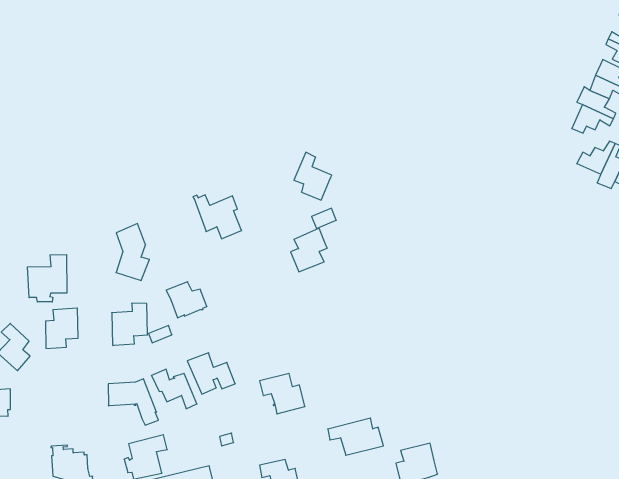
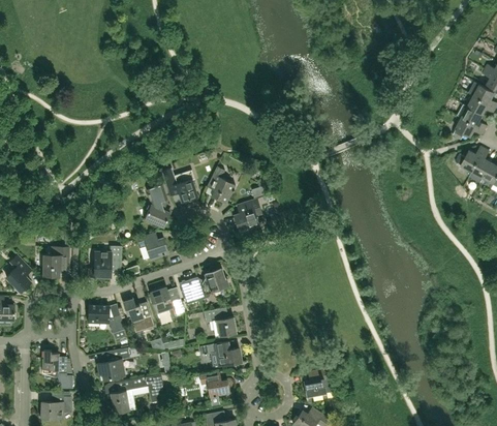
building: [294,152,332,200] -> [207,166,236,204]
building: [116,223,149,280] -> [145,184,170,227]
building: [27,255,67,302] -> none
building: none -> [180,268,226,305]
building: [328,418,383,455] -> [200,340,242,367]

